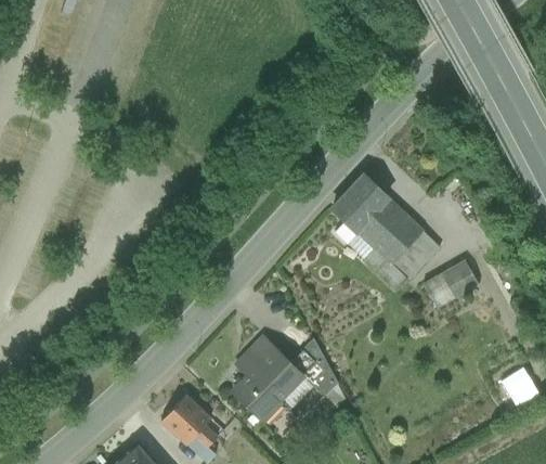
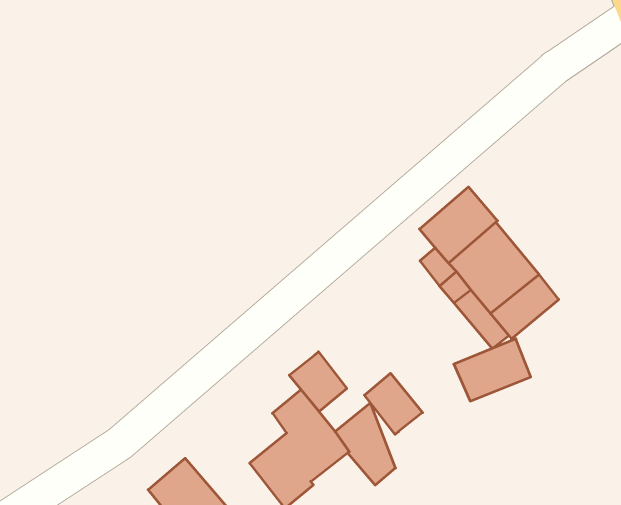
building: [424,259,480,308] -> [454,339,531,401]
building: none -> [289,352,347,412]
building: none -> [364,373,423,434]

